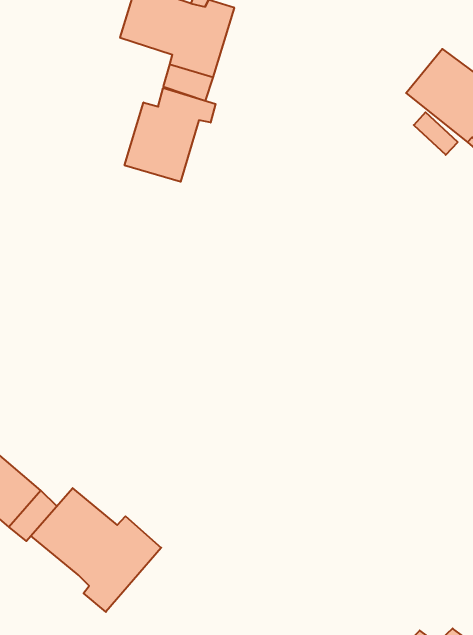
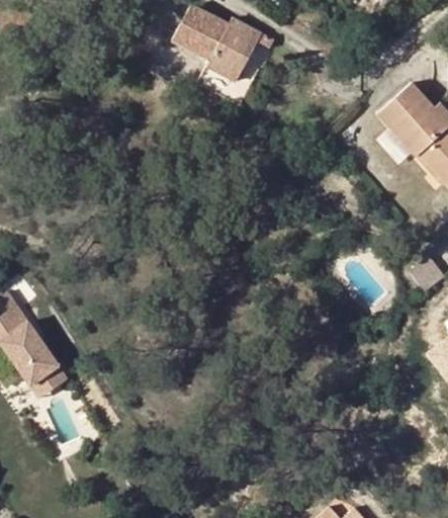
building: [125,88,216,182] -> none
building: [31,488,161,612] -> none

